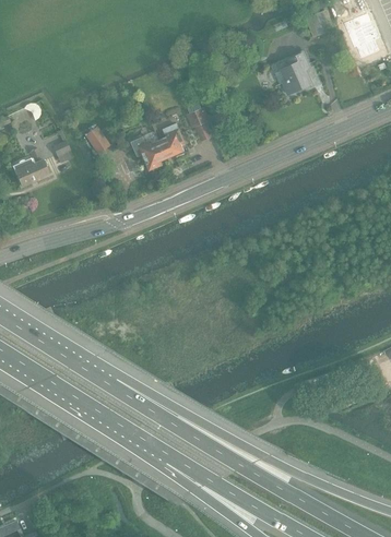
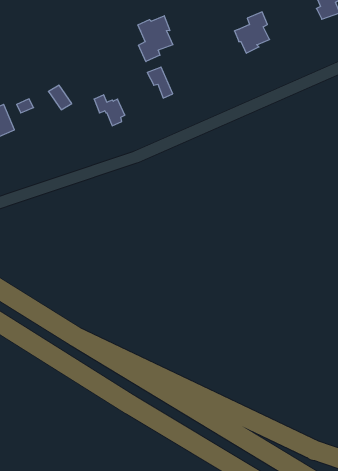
building: none -> [138,16,173,62]
building: [155,123,183,157] -> none

